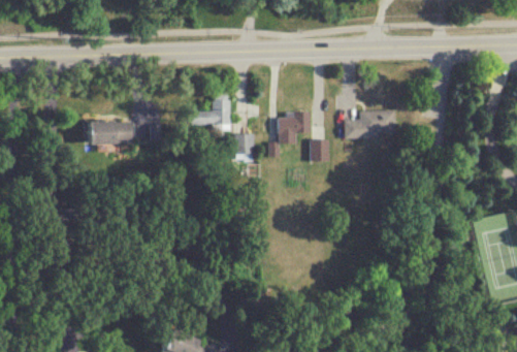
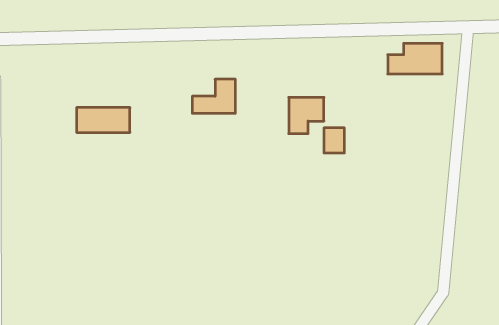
building: [345,110,394,138] -> [388,43,442,74]
building: [234,134,254,162] -> none

